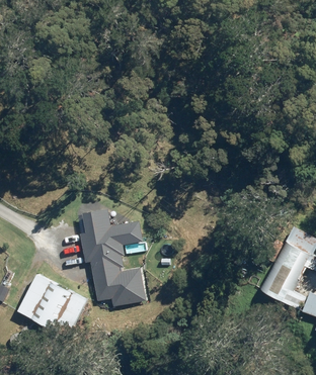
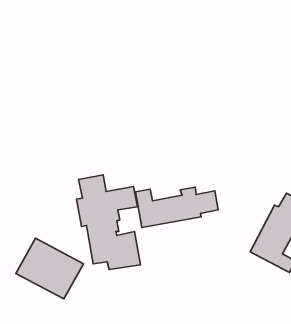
building: none -> [135,187,218,227]

